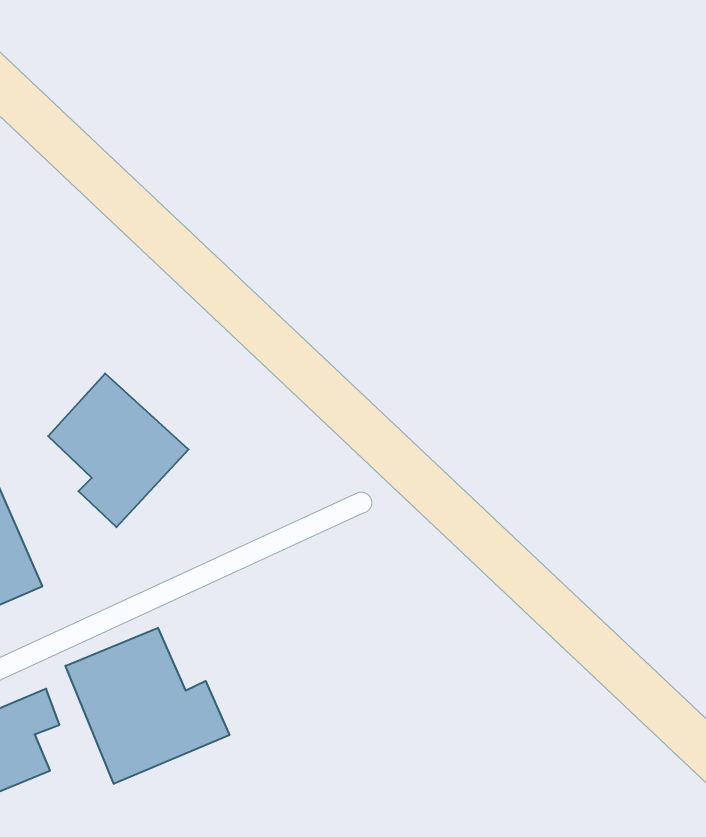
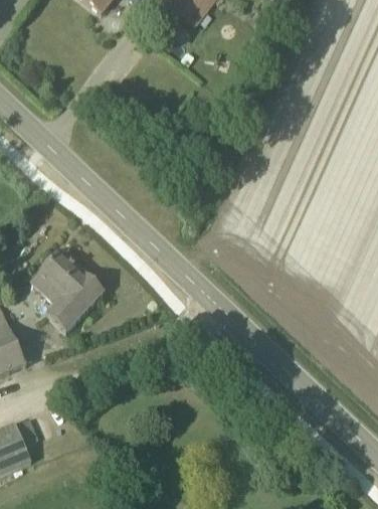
building: [65,628,229,784] -> none

